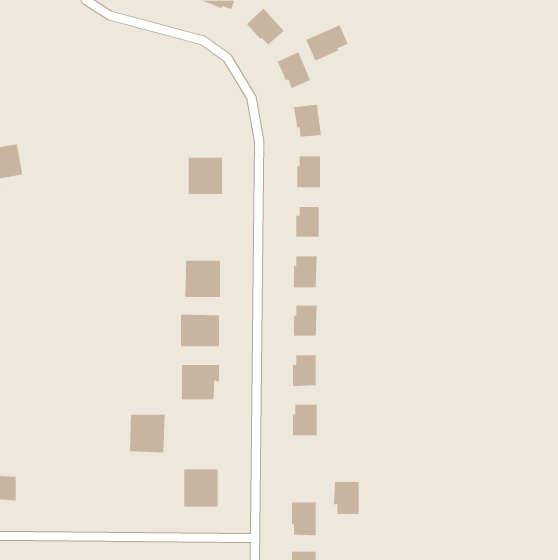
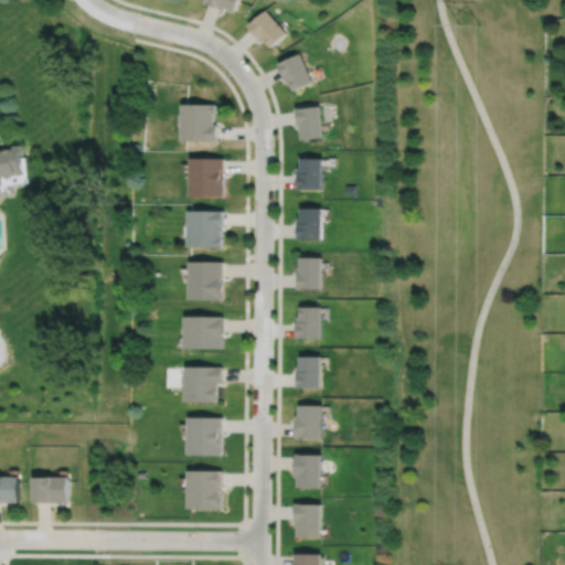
building: [305,24,349,62] -> none
building: none -> [181,104,217,141]
building: none -> [185,211,222,248]
building: [129,414,165,453] -> [184,418,221,457]
building: none -> [31,479,67,507]
building: [333,482,360,515] -> [292,456,319,489]

